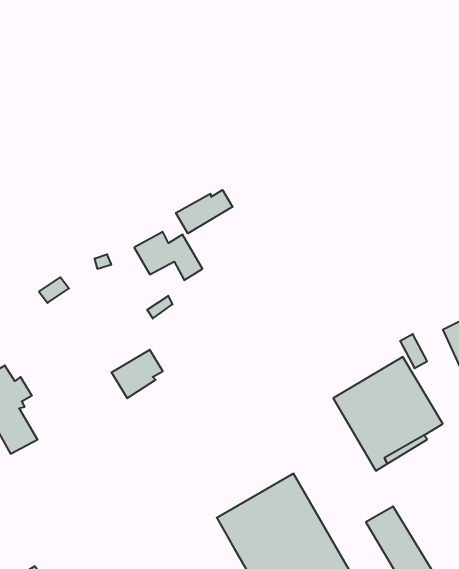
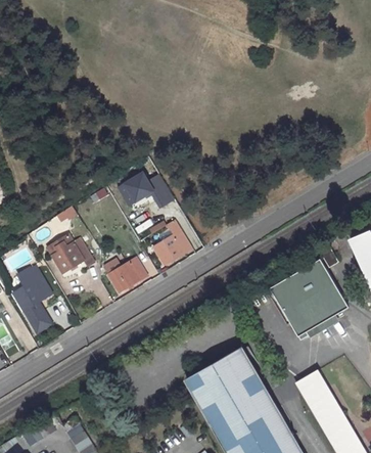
building: [176,190,233,233] -> none
building: none -> [154,228,192,265]
building: none -> [51,234,98,272]

